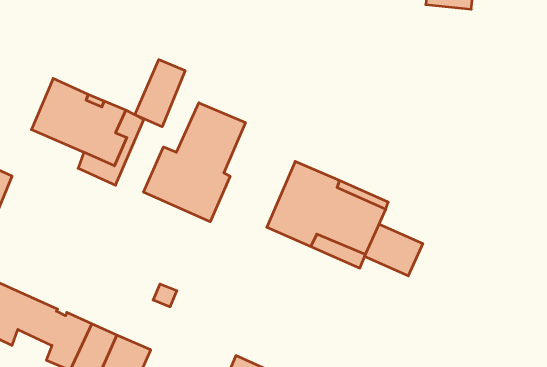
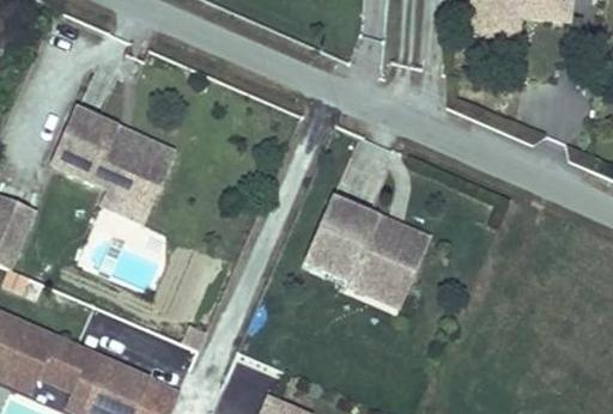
building: [135,60,185,127] -> none
building: [144,103,245,222] -> none
building: [365,224,423,276] -> none

